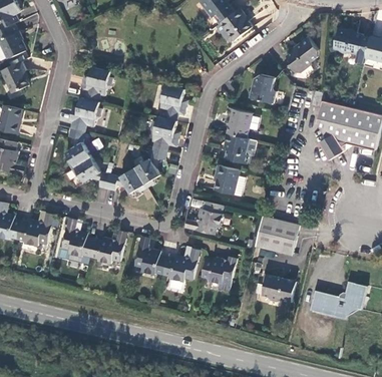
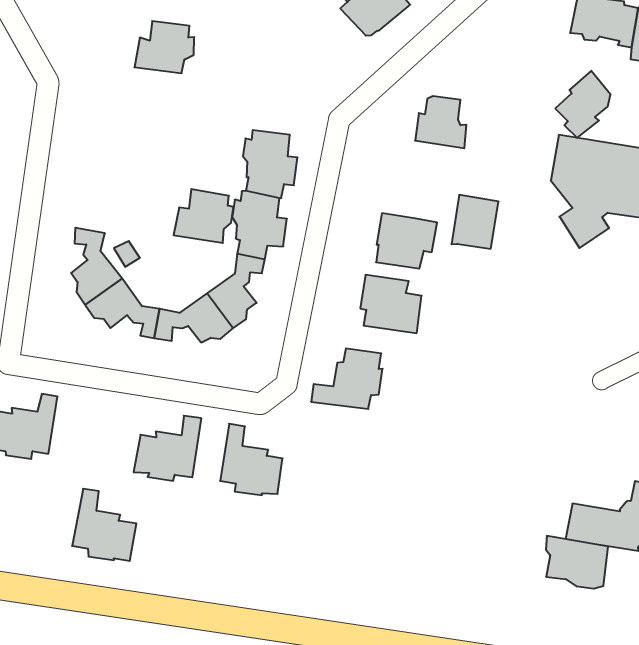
building: [290,38,319,72] -> [555,71,611,138]
building: [80,67,112,95] -> [134,21,194,73]
building: [69,97,101,126] -> [174,189,234,243]
building: [226,108,252,137] -> [451,195,499,249]
building: [255,215,300,255] -> none
building: [61,218,95,257] -> [72,489,136,561]
building: [163,248,200,281] -> none
building: [202,258,237,285] -> none
building: [262,274,295,303] -> [546,536,608,589]

